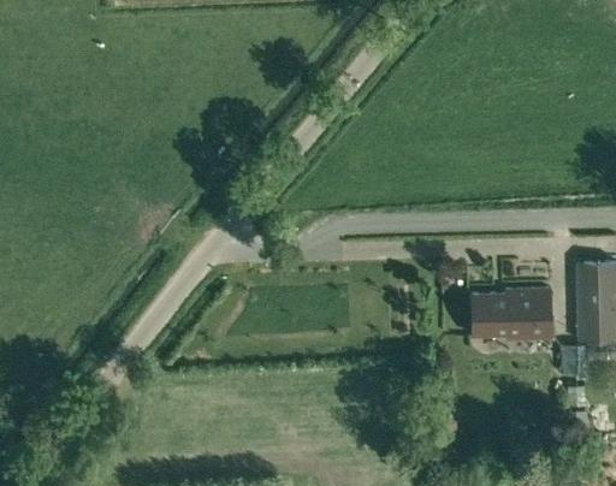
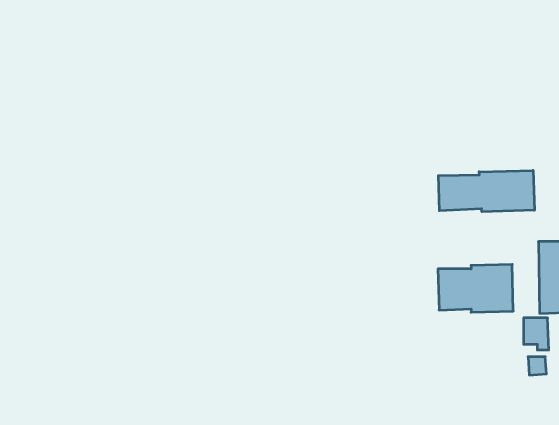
building: none -> [438,170,534,212]

